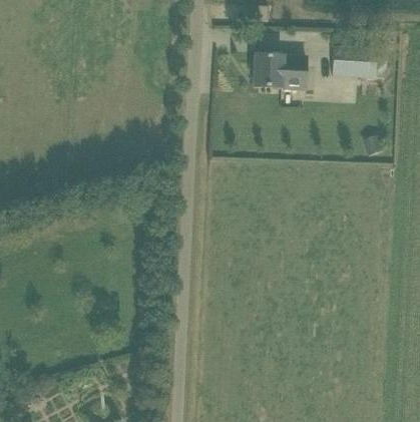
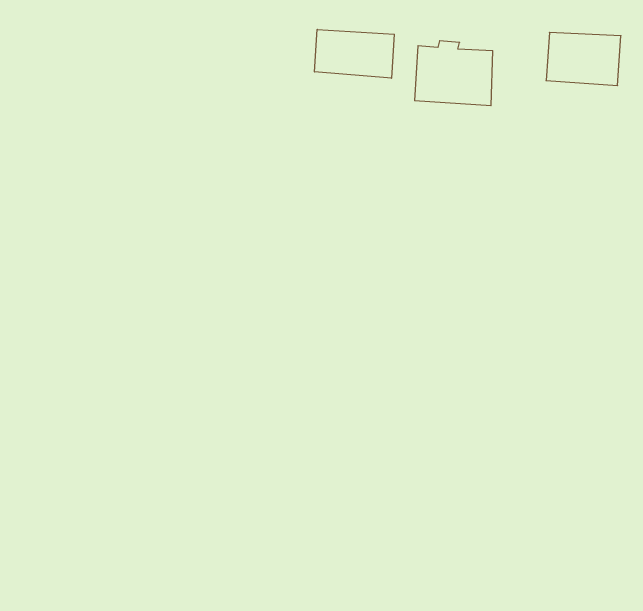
building: none -> [315,29,394,78]

